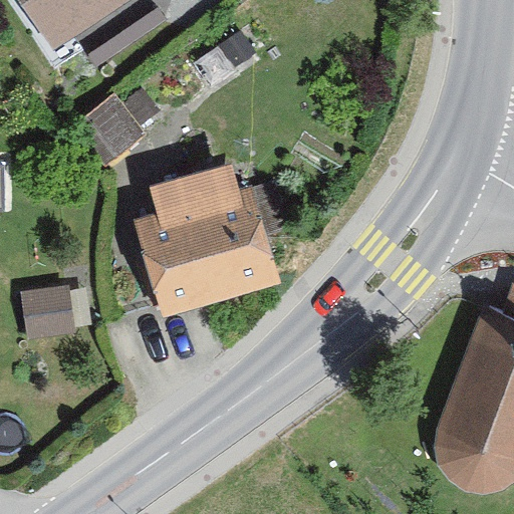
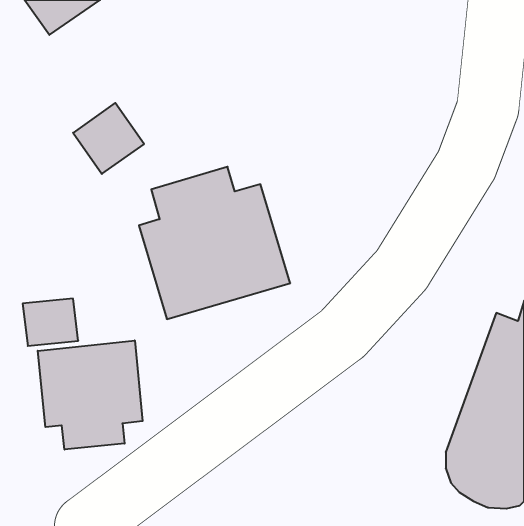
building: none -> [38,340,143,450]

